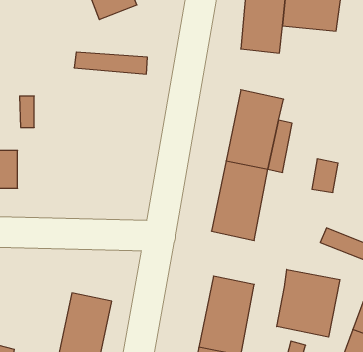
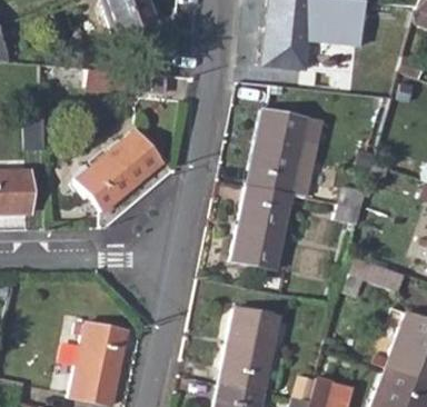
building: none -> [78,132,161,211]
building: [277,269,340,337] -> none

